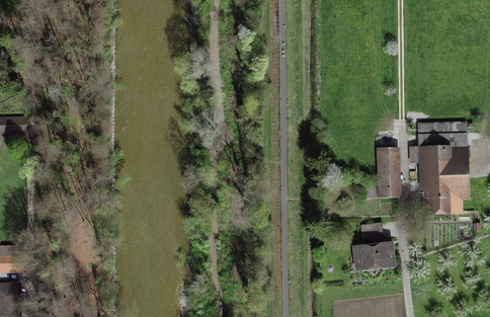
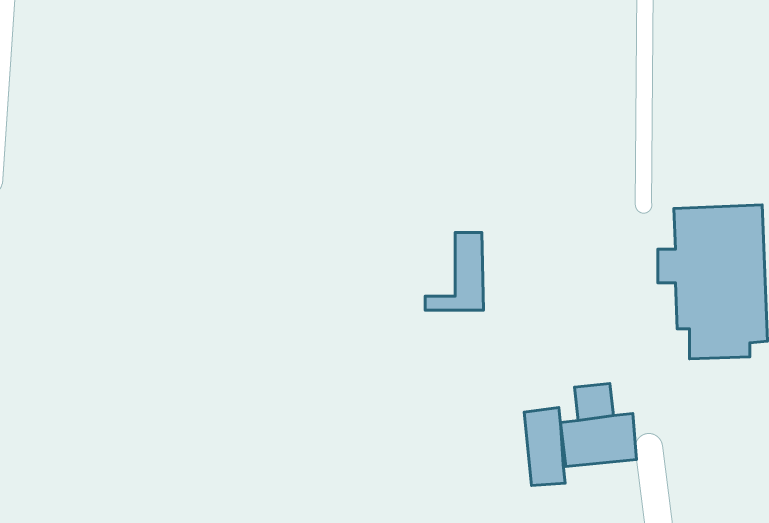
building: [361,150,395,194] -> [425,232,483,310]
building: none -> [524,407,565,486]

